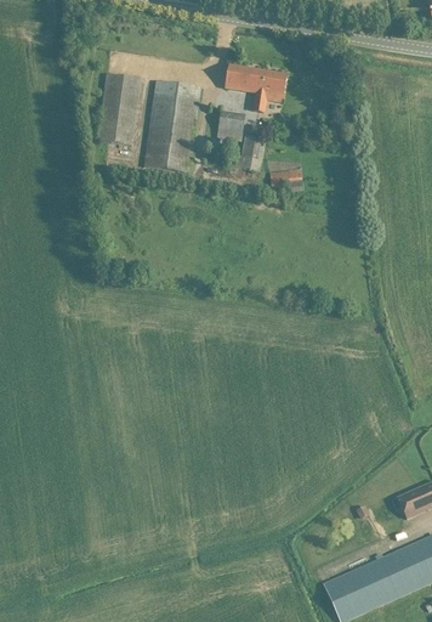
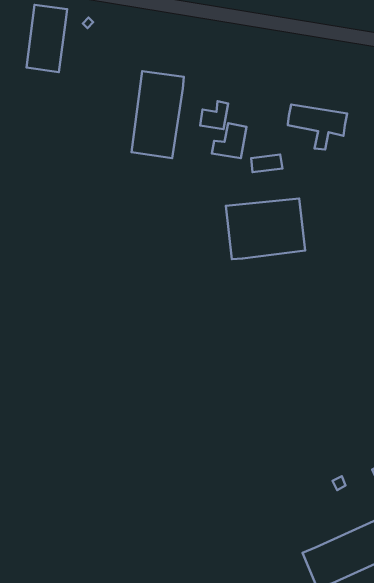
building: [226,63,288,111] -> [288,104,347,150]
building: [98,73,141,143] -> [26,5,67,72]
building: none -> [226,199,305,259]

